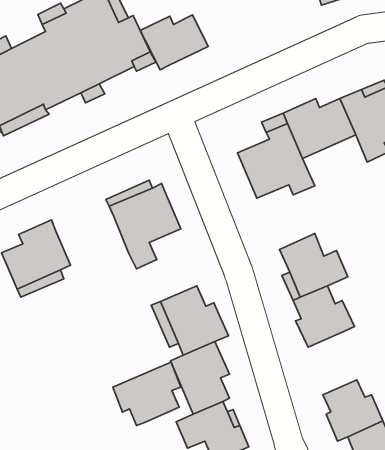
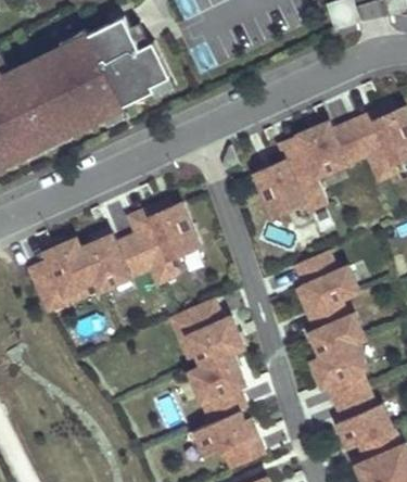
building: [140,15,208,70] -> none
building: none -> [79,234,149,292]
building: none -> [310,344,367,405]
building: [113,362,181,426] -> none

